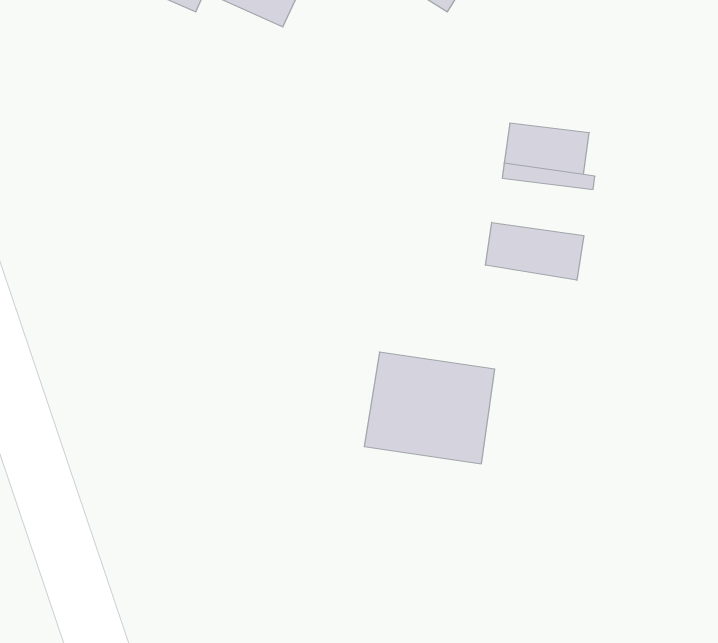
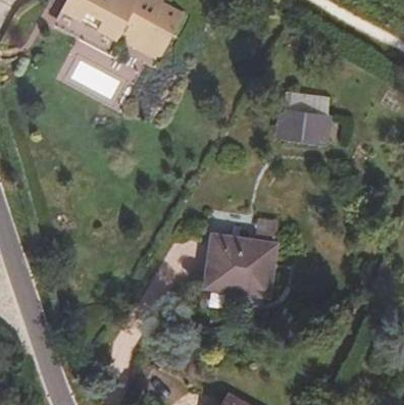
building: [486,222,584,280] -> none

